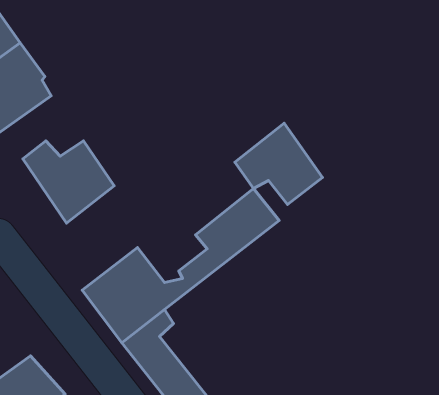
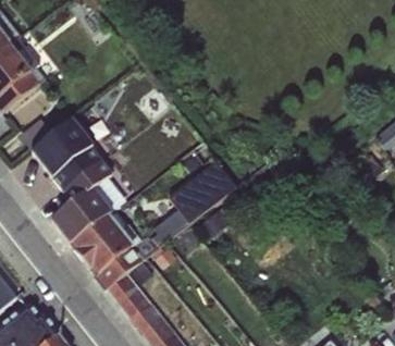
building: [235,123,323,205] -> none
building: none -> [51,158,126,246]

